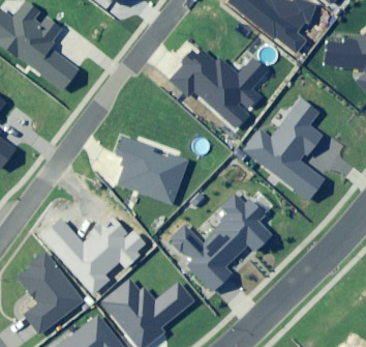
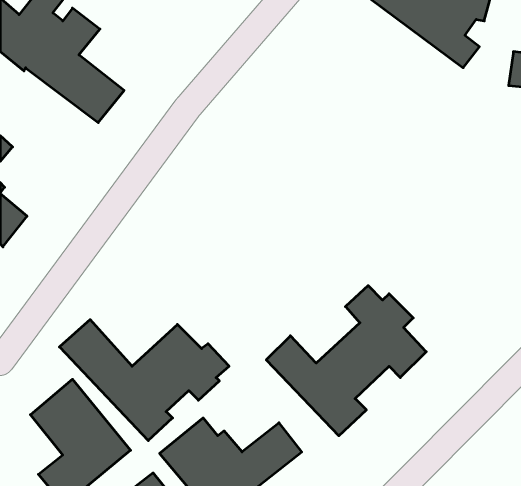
building: [171,51,268,128] -> none
building: [244,99,326,199] -> none
building: [116,138,187,202] -> none

